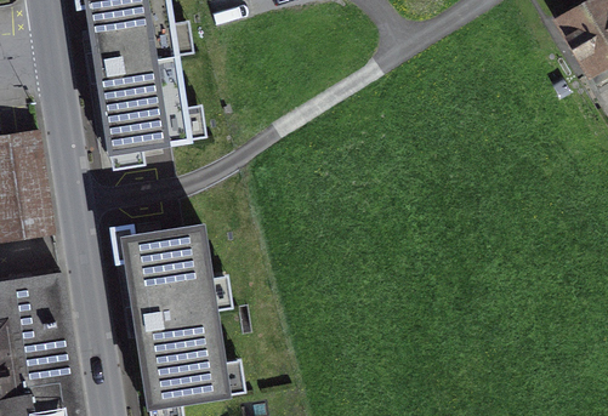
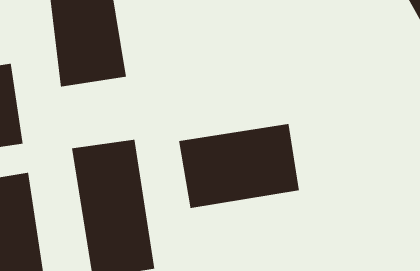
building: none -> [178,123,299,209]

